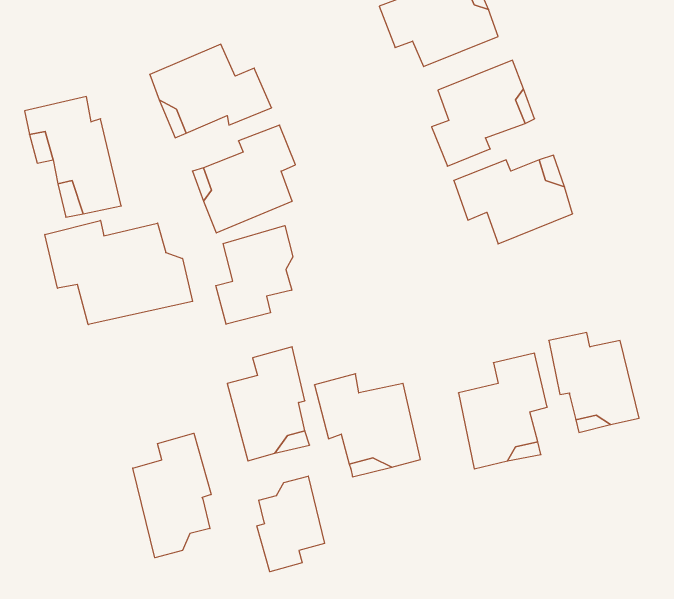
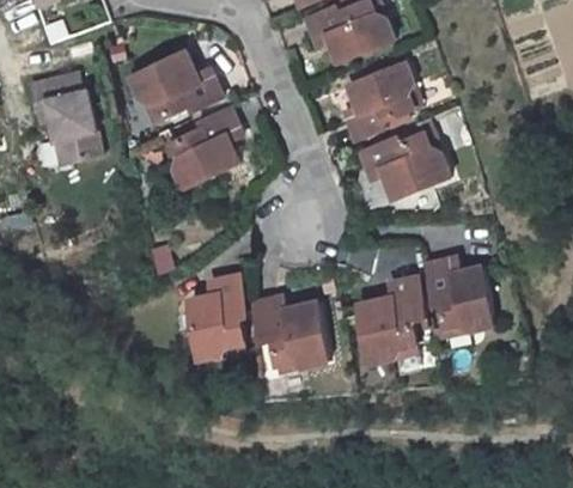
building: [45,220,193,325] -> none
building: [216,226,293,324] -> none
building: [133,433,211,558] -> none
building: [257,476,325,572] -> none

